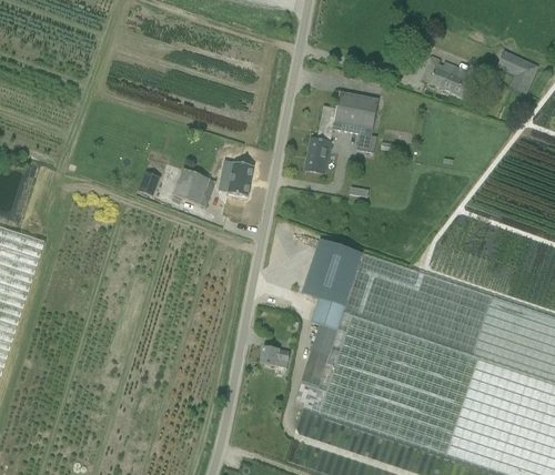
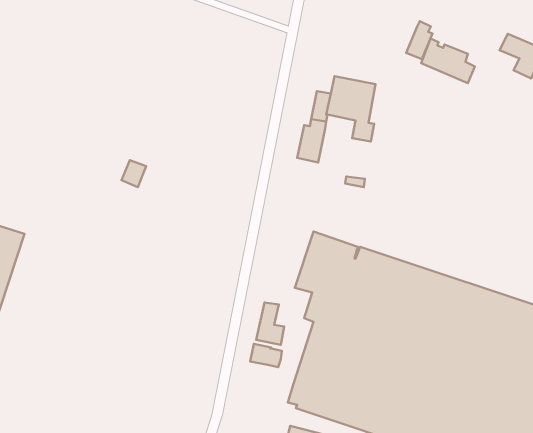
building: none -> [406,21,433,59]
building: [221,162,253,196] -> none
building: [173,168,208,203] -> none
building: none -> [256,302,284,345]

